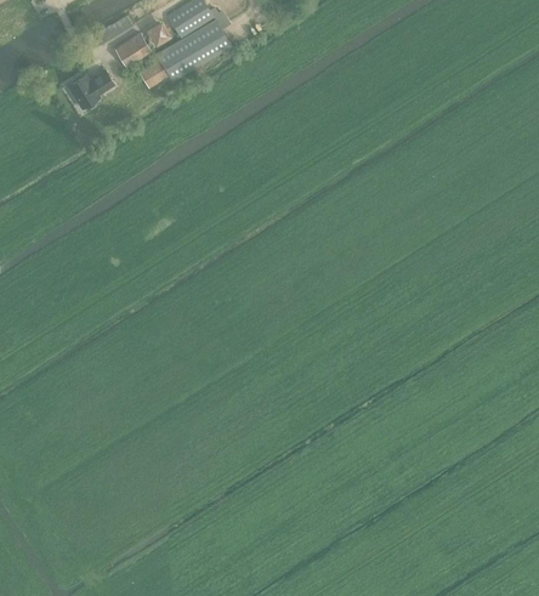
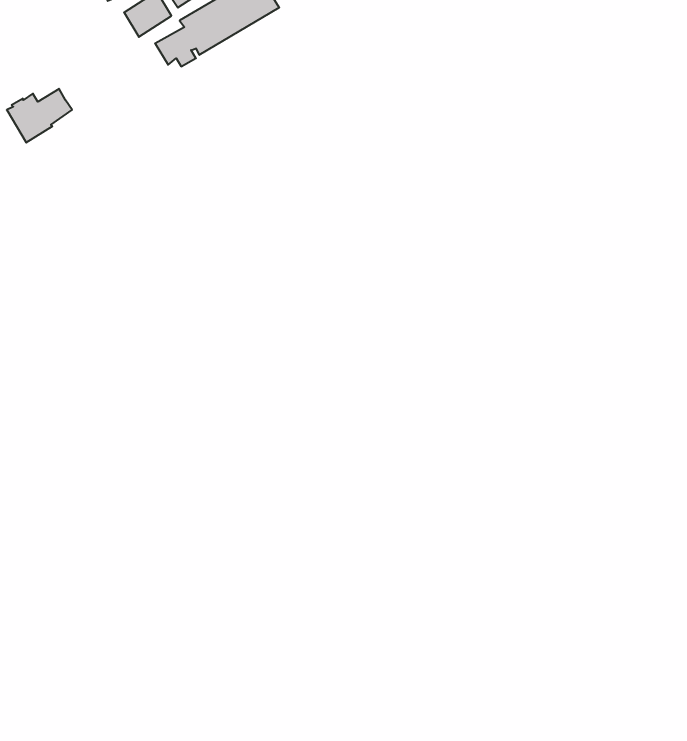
building: [64,66,113,106] -> [7,89,72,143]

